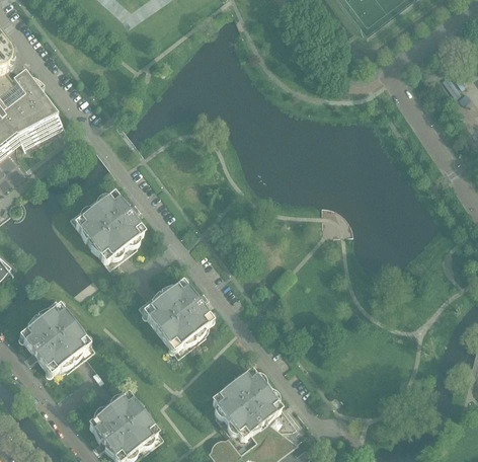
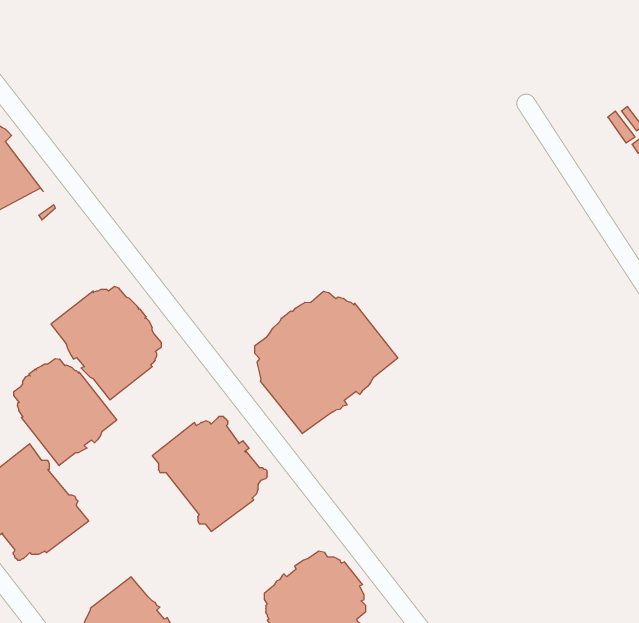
building: none -> [255,291,398,434]
building: none -> [14,359,117,466]

